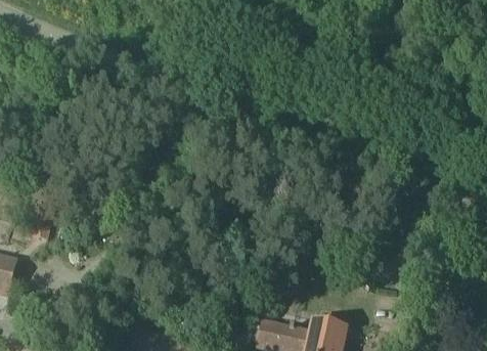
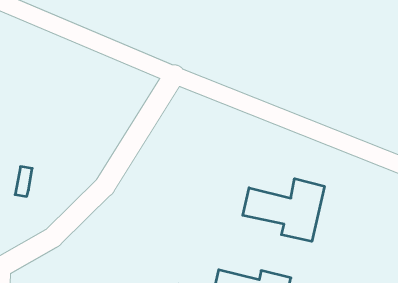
building: none -> [243,179,324,241]

